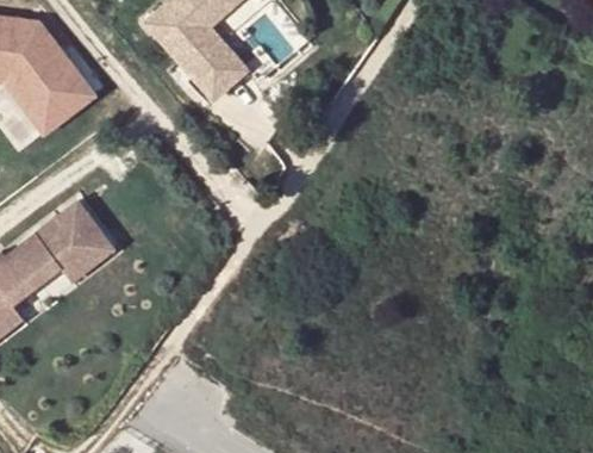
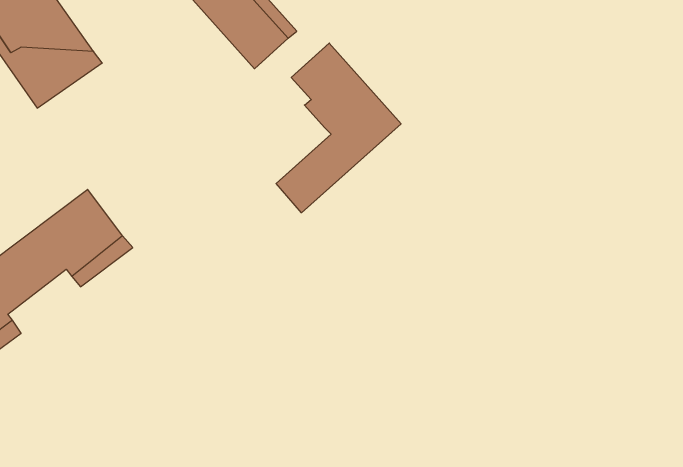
building: none -> [276,43,401,213]

